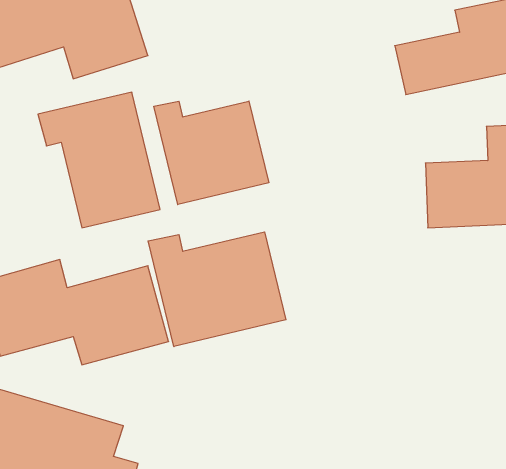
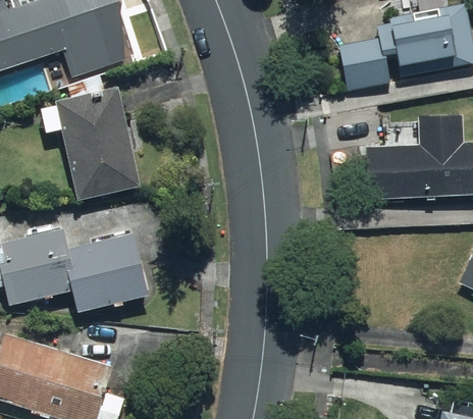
building: [154,101,269,205] -> none
building: [148,232,286,347] -> none

